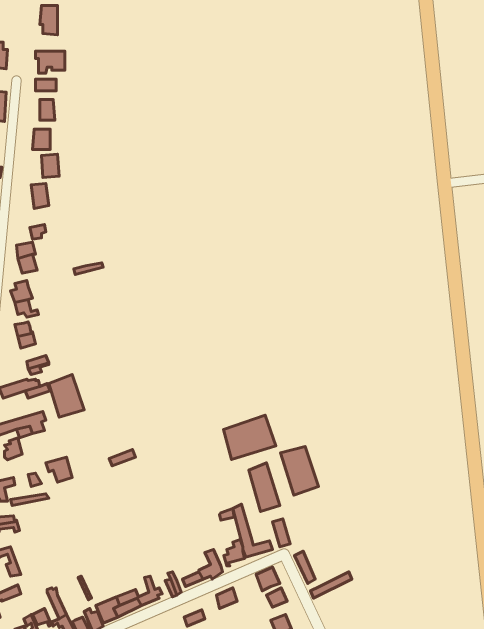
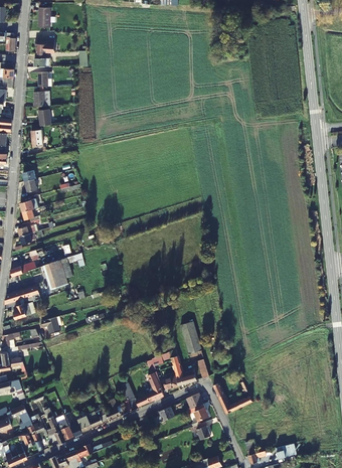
building: [223,415,276,460] -> none
building: [281,446,318,495] -> none

